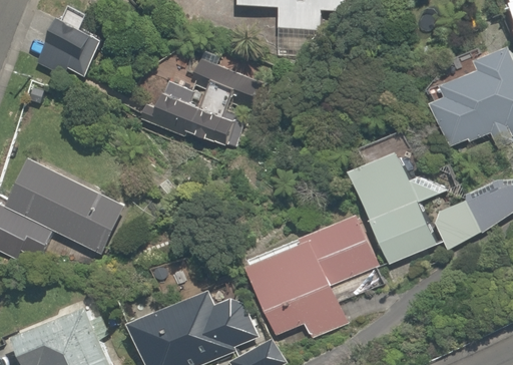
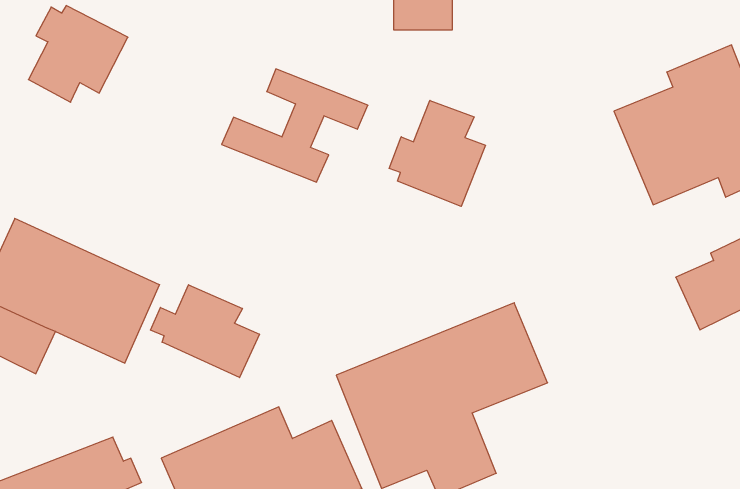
building: none -> [389,100,486,206]
building: [346,152,448,266] -> none
building: [426,198,482,251] -> none
building: none -> [150,285,259,378]

